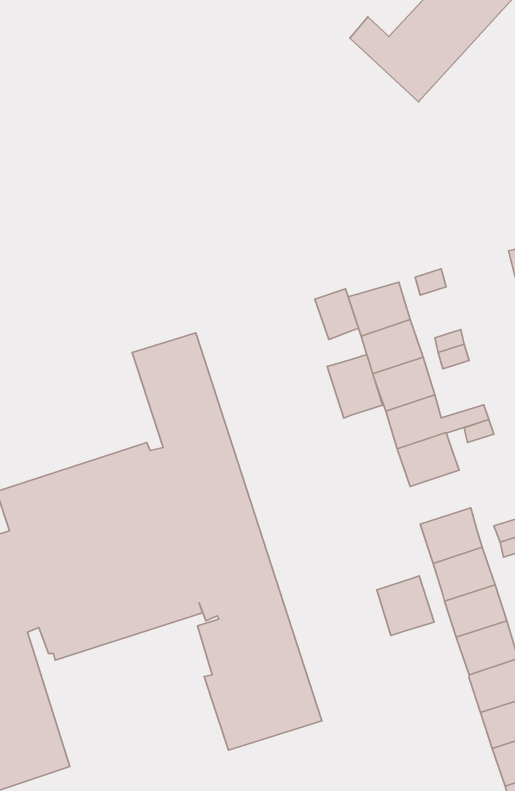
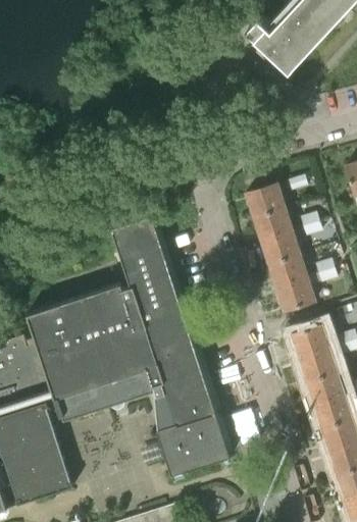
building: [315,289,359,339] -> none
building: [327,355,382,418] -> none
building: [377,576,434,635] -> none

